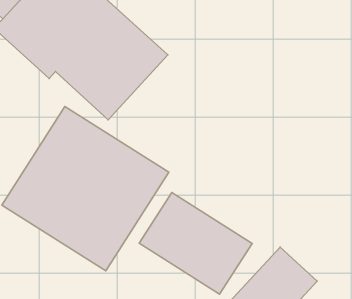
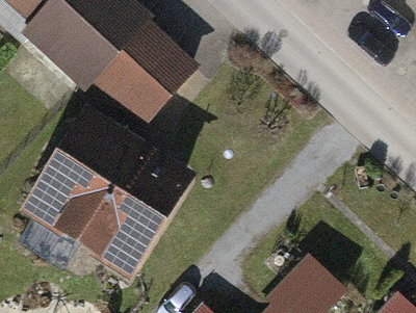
building: [139,193,252,294] -> none

